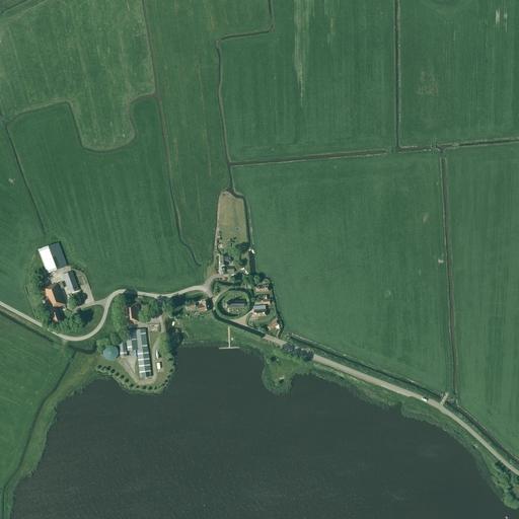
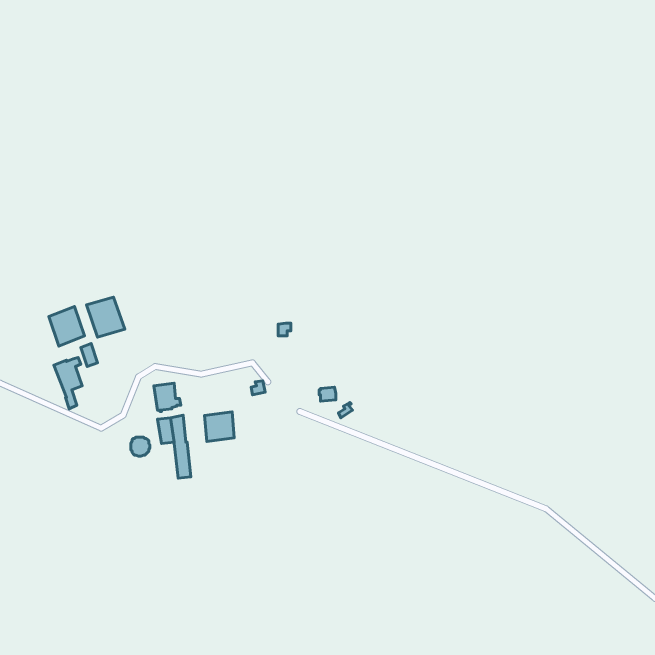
building: none -> [86,297,125,337]
building: none -> [205,412,234,441]

